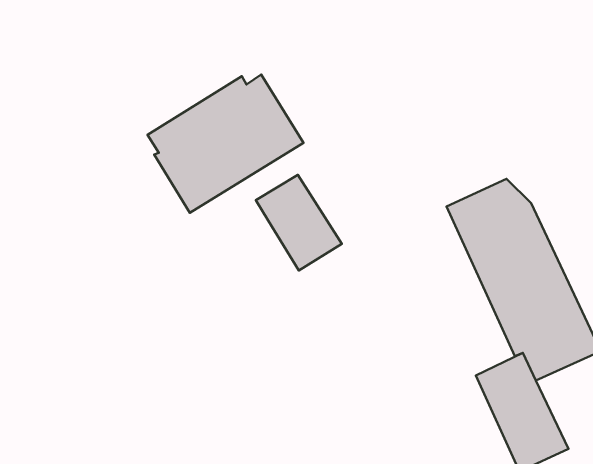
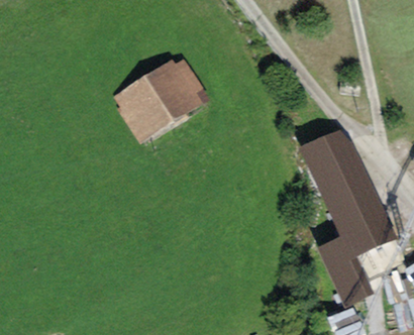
building: [256,175,342,271] -> none

